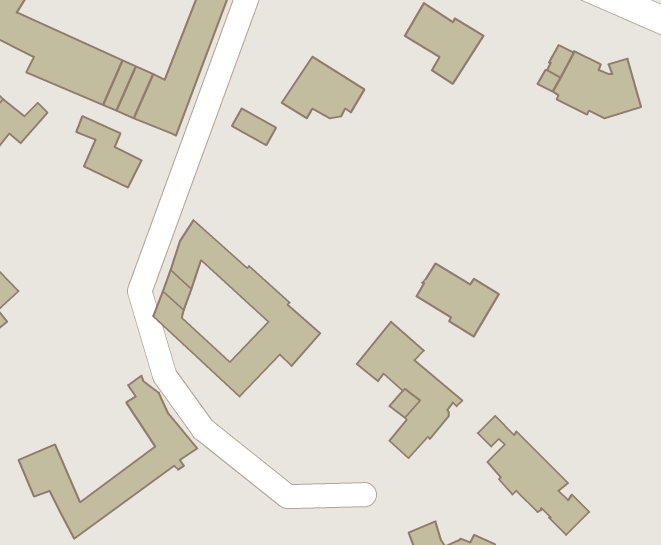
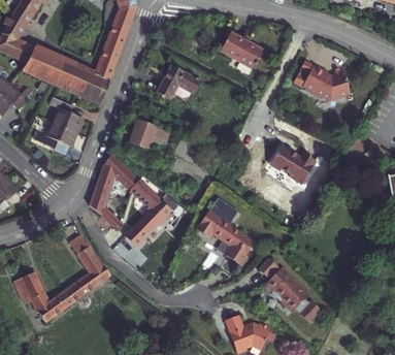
building: none -> [128,118,169,148]
building: none -> [32,121,74,148]
building: [416,264,499,337] -> [272,141,317,181]

